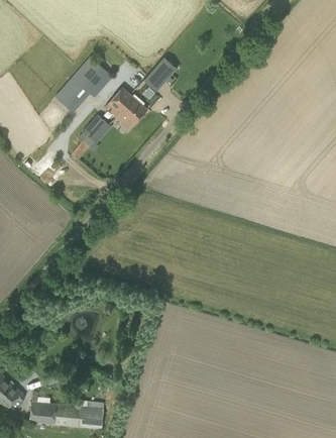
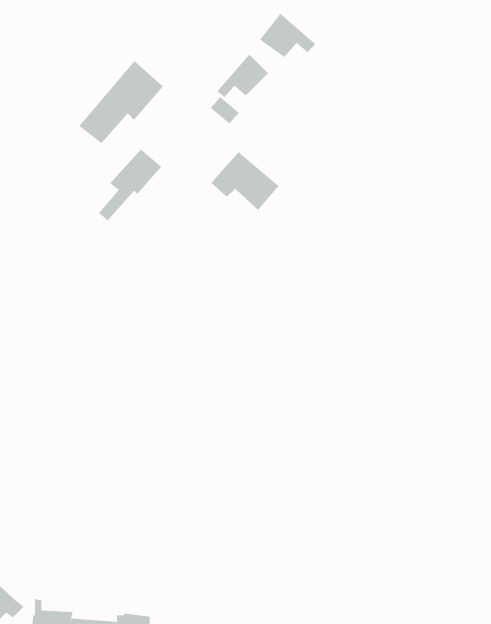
building: none -> [259,13,316,58]
building: [105,87,147,123] -> [210,152,279,211]

